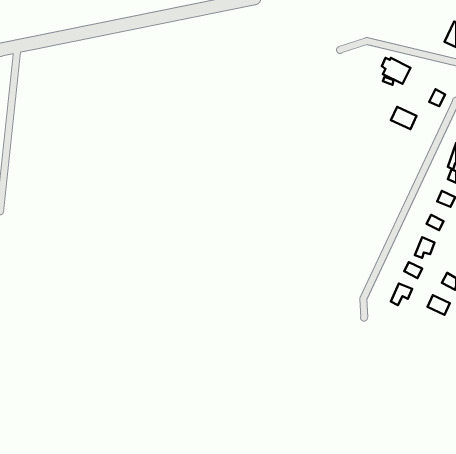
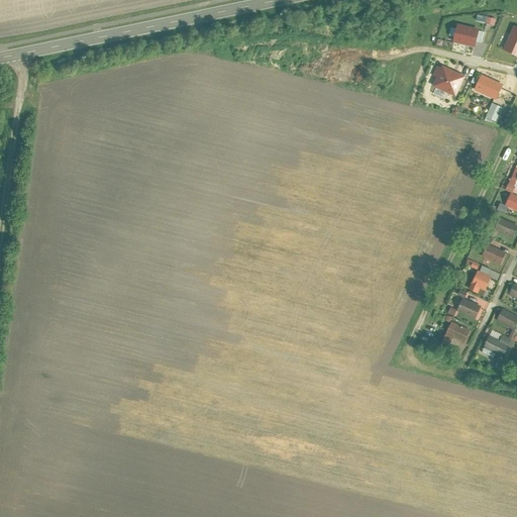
building: none -> [453,23,479,45]
building: [391,107,417,129] -> [474,74,503,99]

